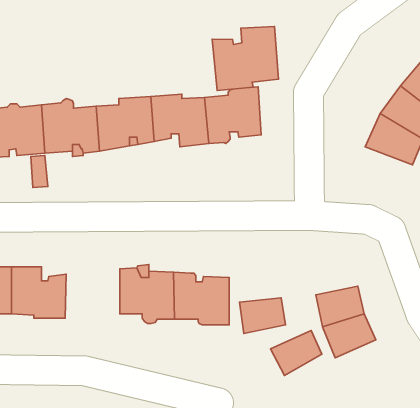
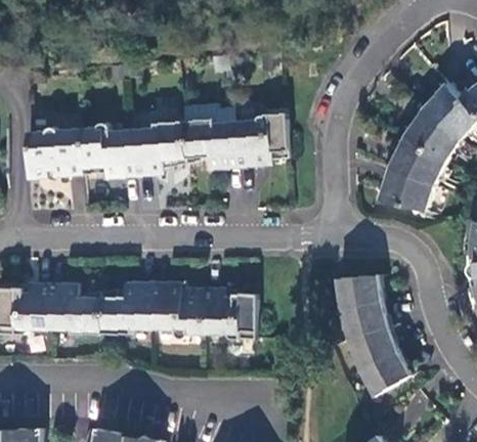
building: [212,26,278,90] -> none
building: none -> [376,169,432,214]
building: none -> [100,285,153,333]
building: [239,298,286,333] -> [336,276,380,310]
building: [270,331,322,376] -> [358,353,407,396]

